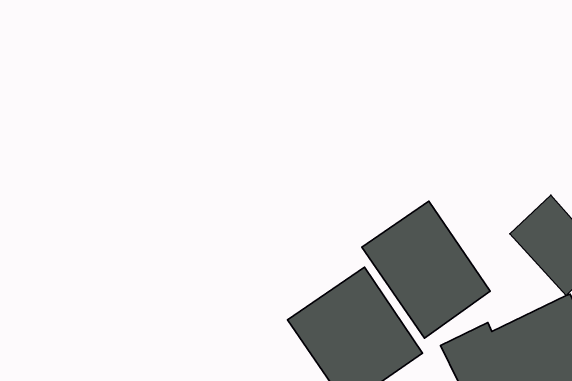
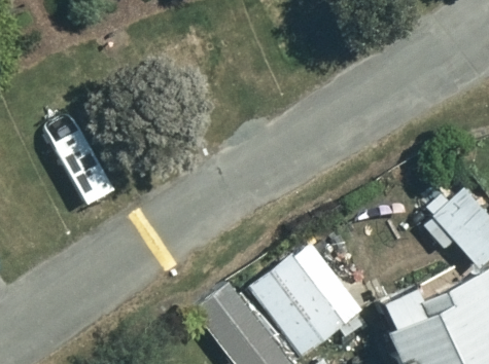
building: [362,201,490,338] -> none

